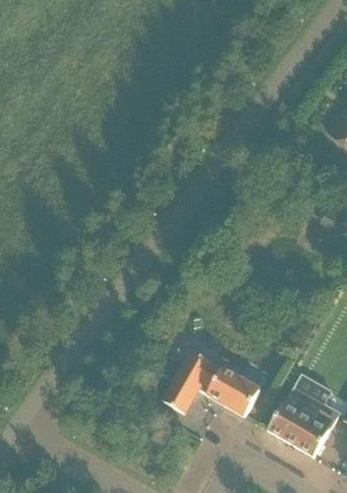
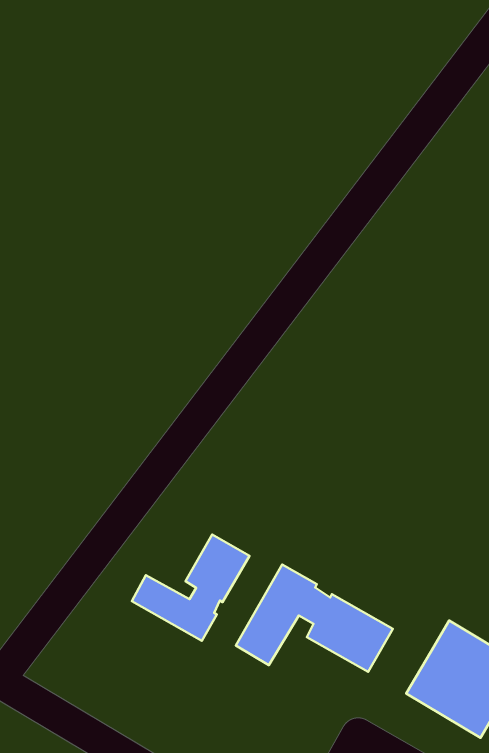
building: none -> [132,535,249,641]

